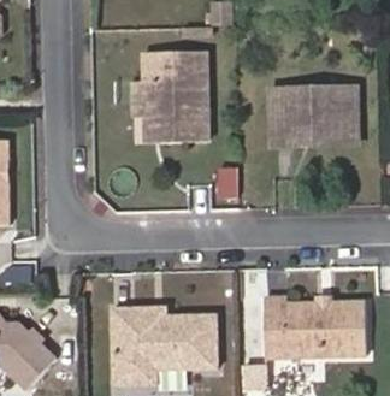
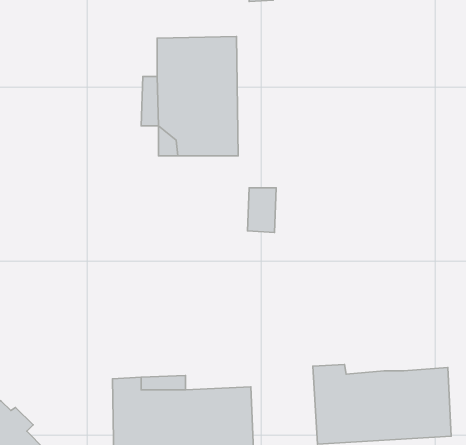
building: [274,88,354,143] -> none

